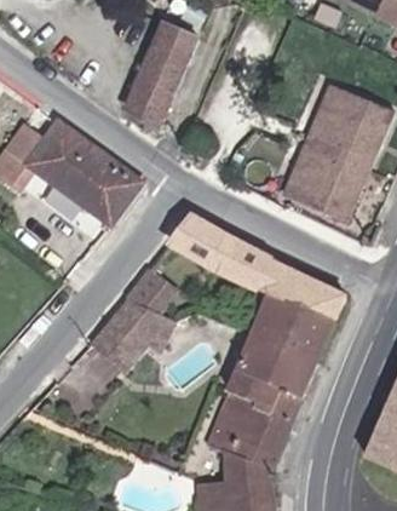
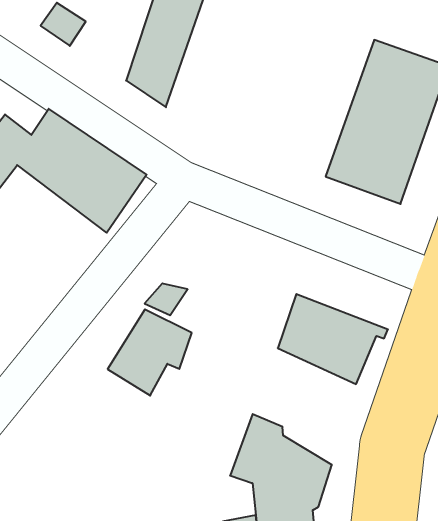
building: [171,220,347,326] -> none
building: [215,335,303,435] -> none

